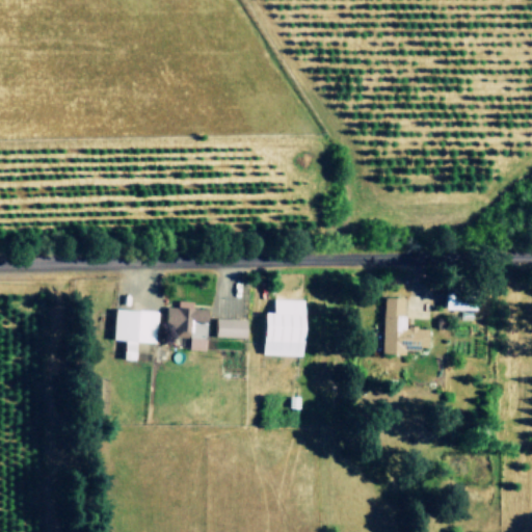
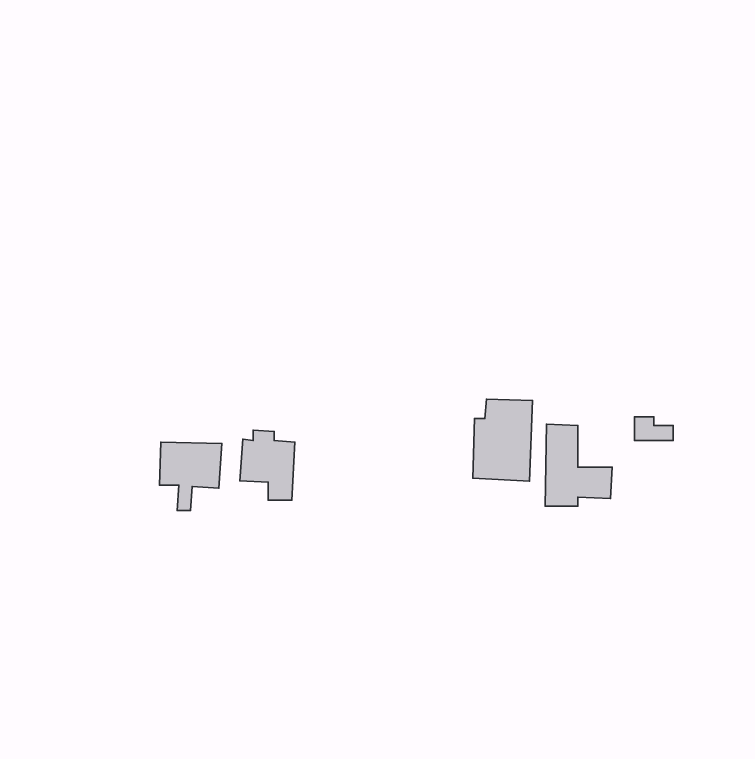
building: [266,299,308,356] -> [473,399,533,481]
building: [218,319,249,339] -> none

